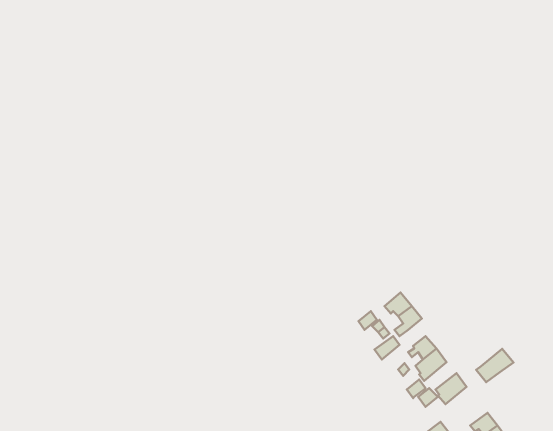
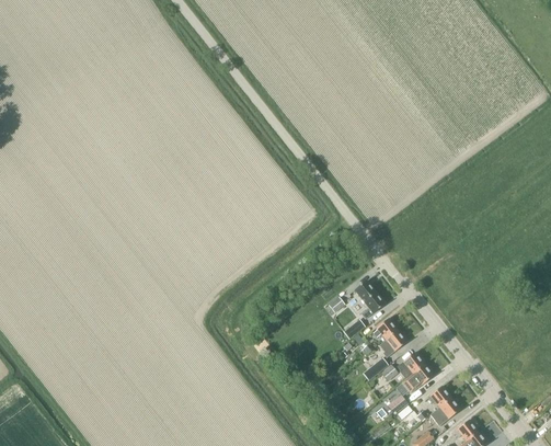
building: [476,349,513,382] -> [401,364,434,393]

